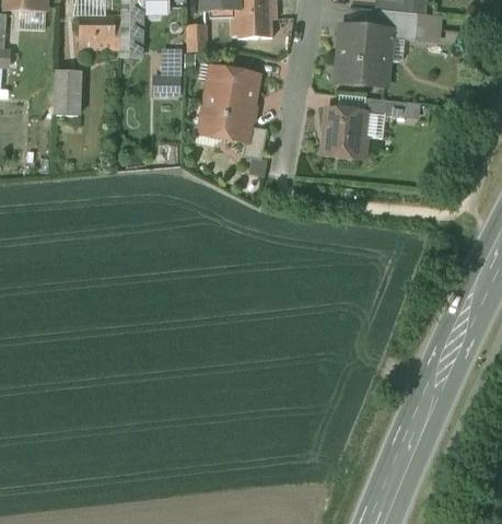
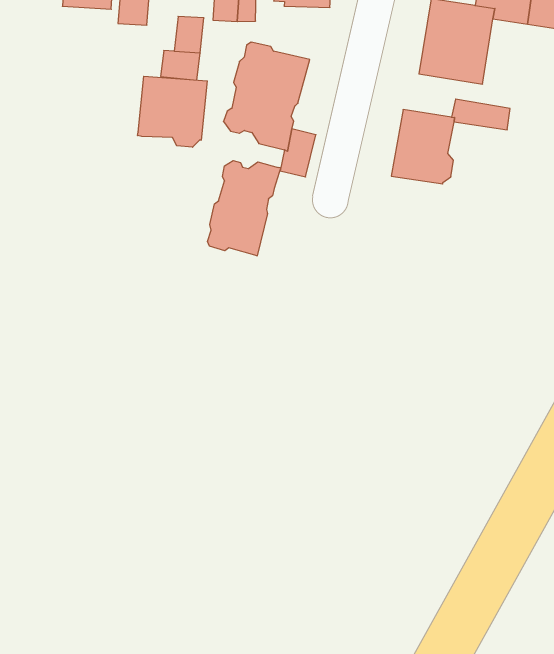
building: [56,70,80,114] -> none
building: none -> [138,76,207,147]
building: none -> [208,161,281,256]

